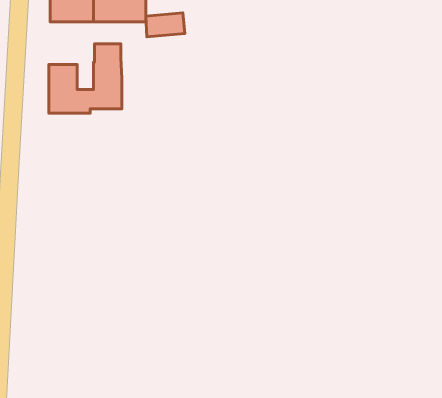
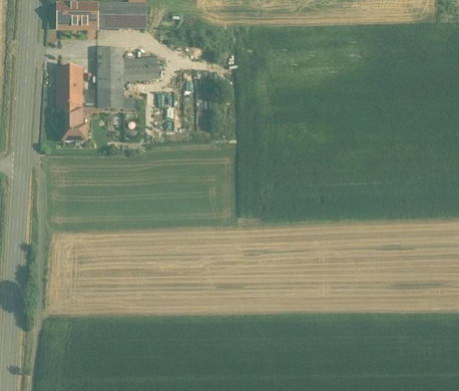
building: [146,13,185,37] -> [122,57,158,79]
building: none -> [62,111,86,142]

